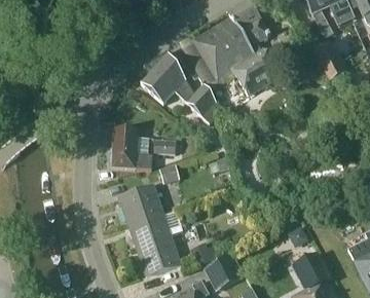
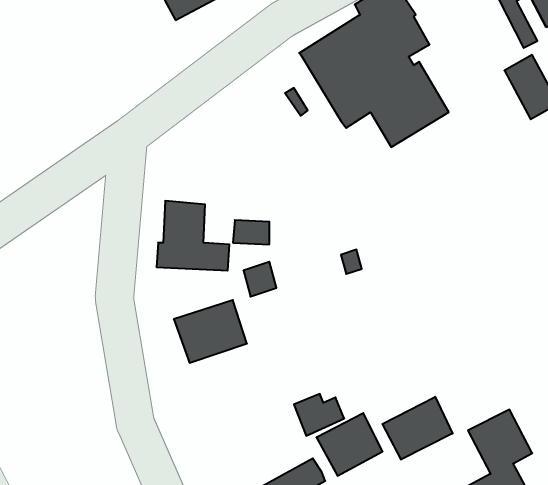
building: [140,50,220,122] -> none
building: [127,212,180,275] -> none
building: none -> [382,397,453,460]

